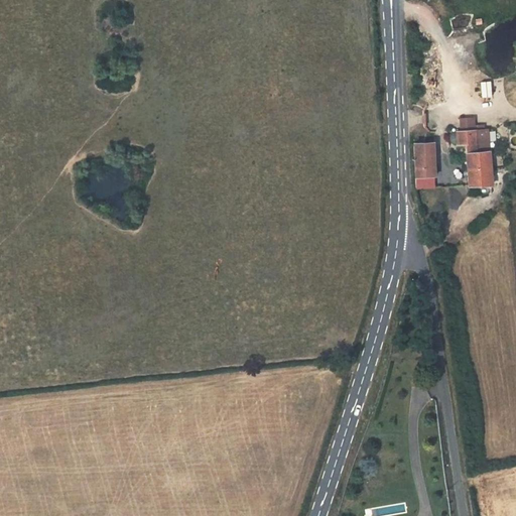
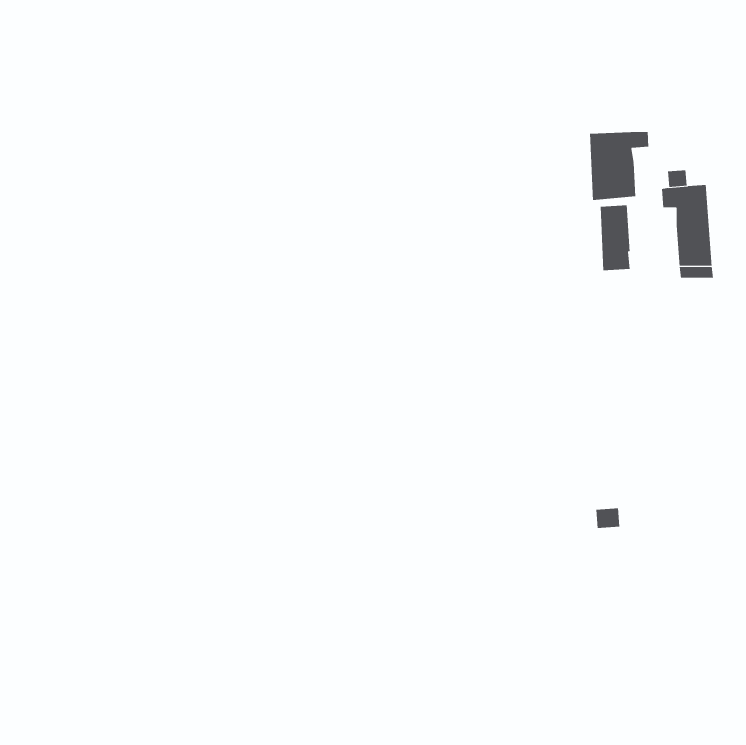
building: none -> [590,131,649,201]

